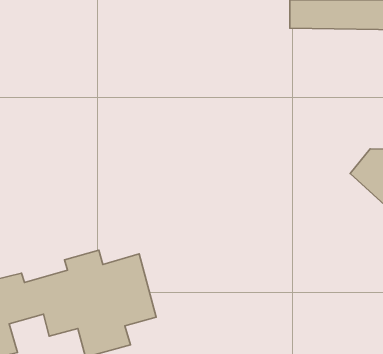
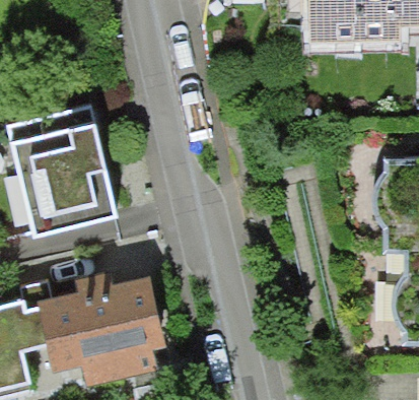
building: none -> [10,106,121,235]

